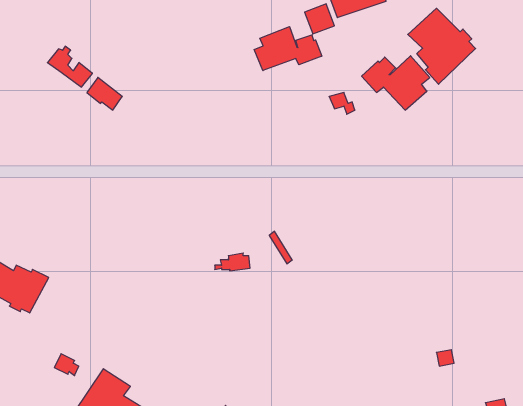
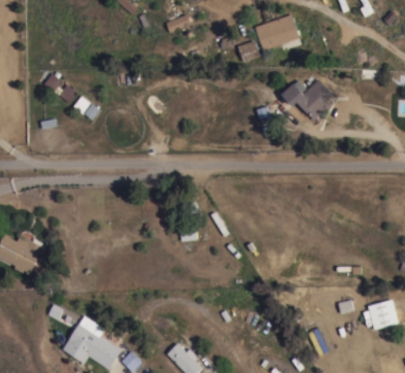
building: [408,8,476,84] -> none
building: [254,27,322,71] -> none
building: none -> [367,299,398,330]

